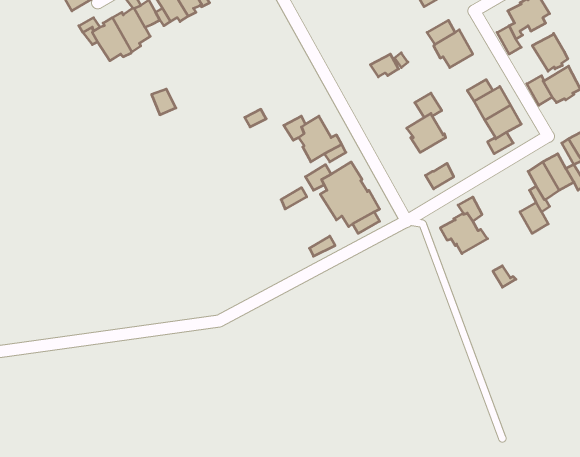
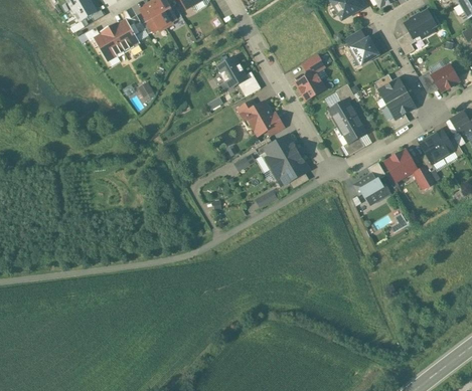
building: [532,33,568,71] -> none
building: none -> [215,54,248,88]
building: none -> [296,68,325,99]
building: none -> [339,117,366,142]
building: none -> [385,150,416,179]

